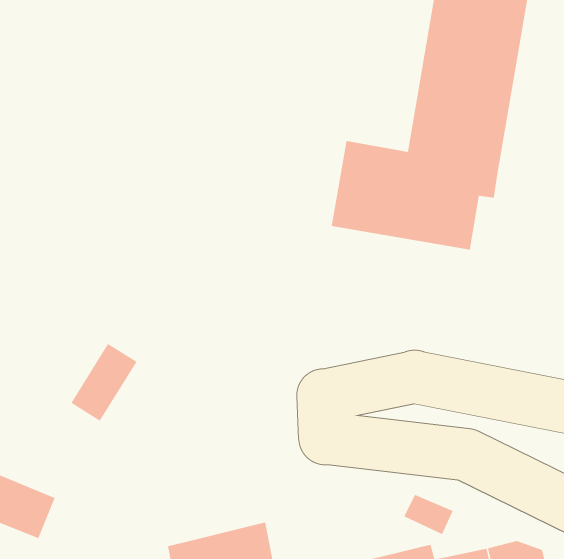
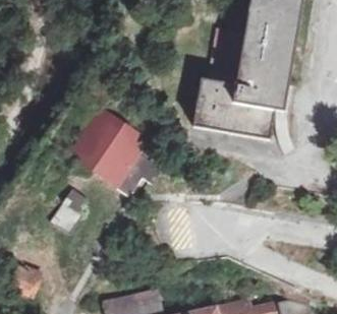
building: none -> [72,110,162,195]

